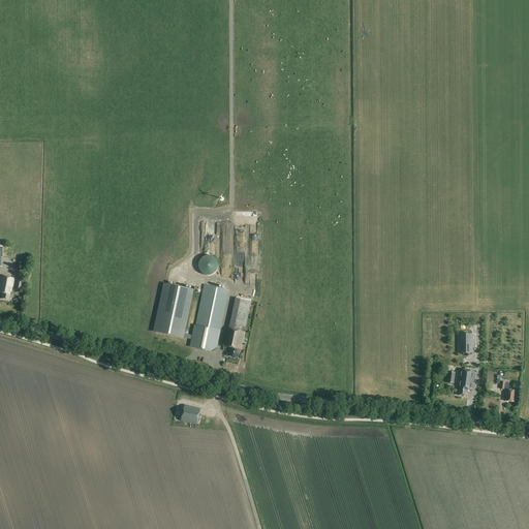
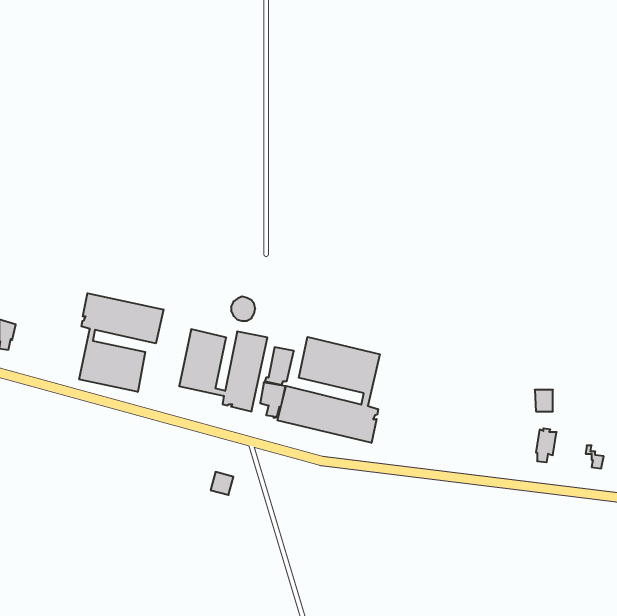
building: none -> [79,293,163,392]
building: none -> [277,337,380,443]

